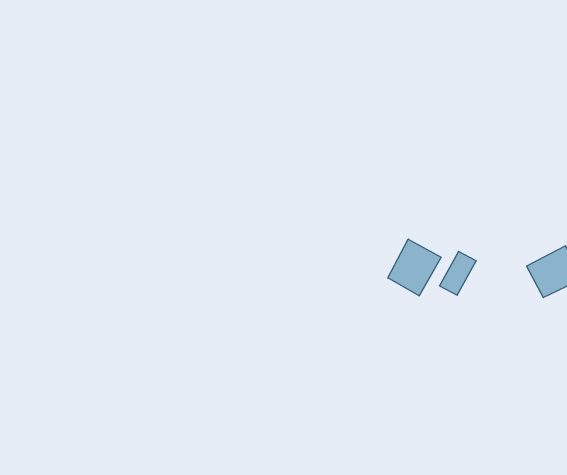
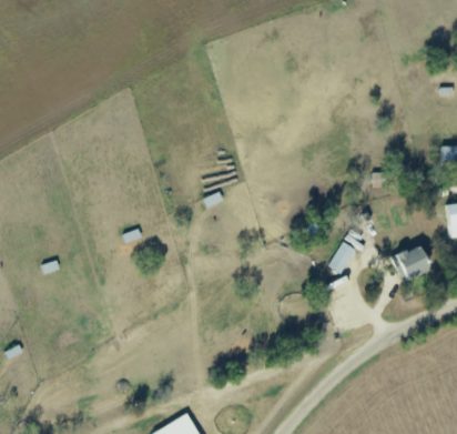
building: [388,239,441,296] -> none

